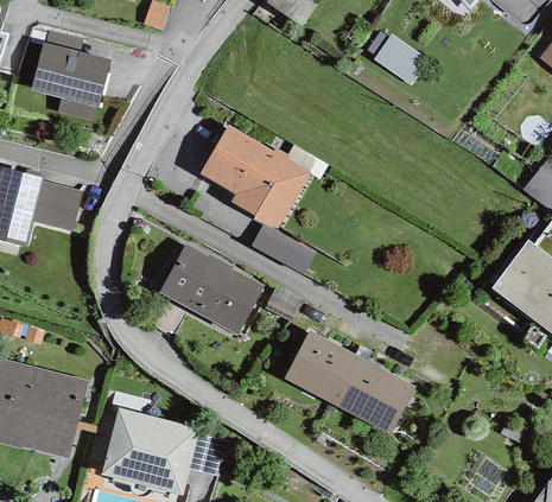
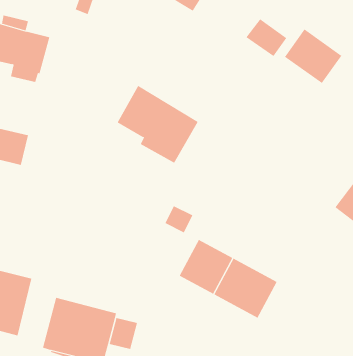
building: none -> [284,29,342,84]
building: [249,223,315,274] -> none
building: [158,243,264,333] -> none

